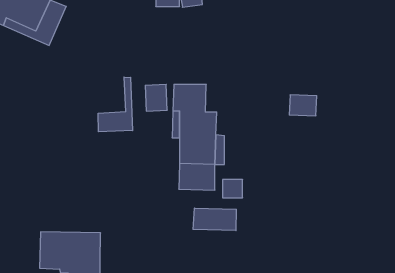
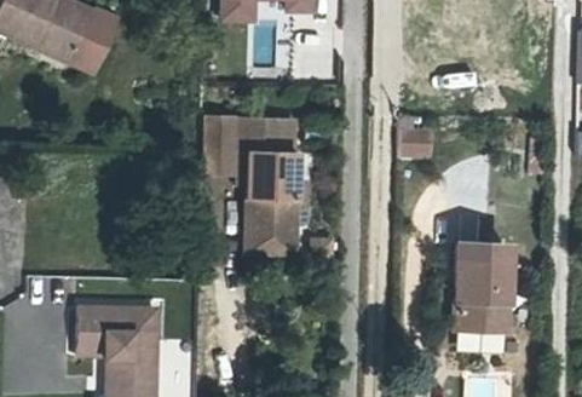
building: [98,77,133,132] -> none
building: none -> [451,248,505,330]
building: [193,208,236,231] -> none

